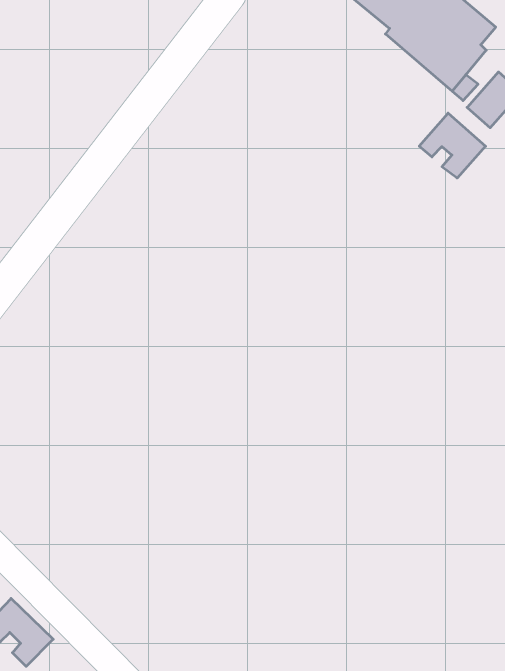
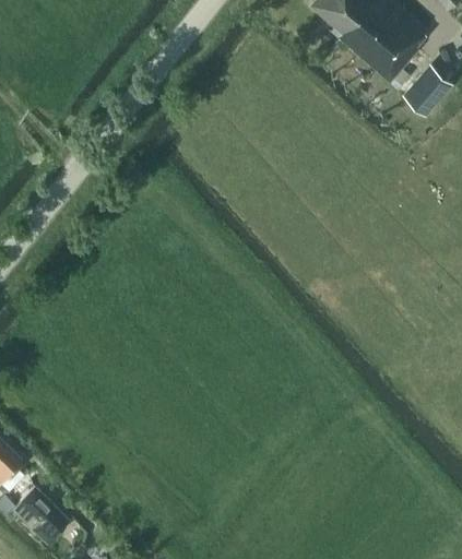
building: [419,113,486,178] -> none

